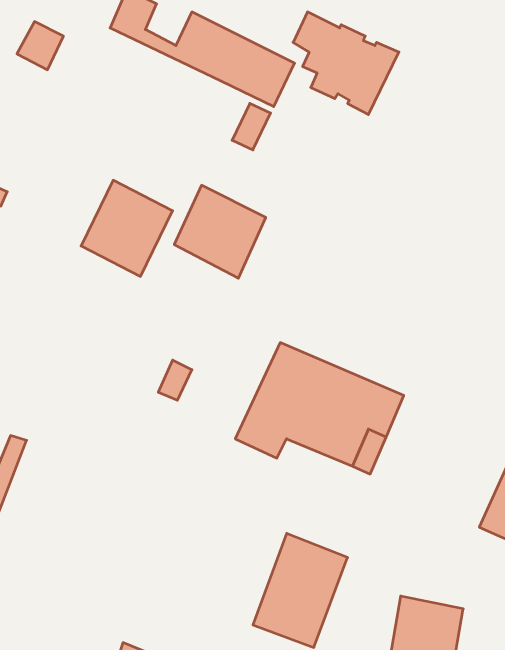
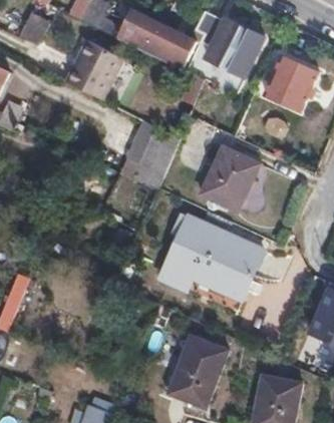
building: none -> [265,55,317,109]
building: [81,180,173,276] -> [65,39,122,99]
building: none -> [200,145,260,208]

